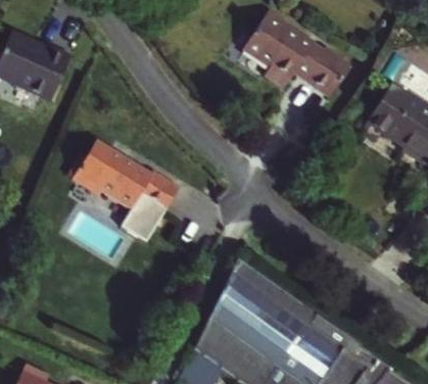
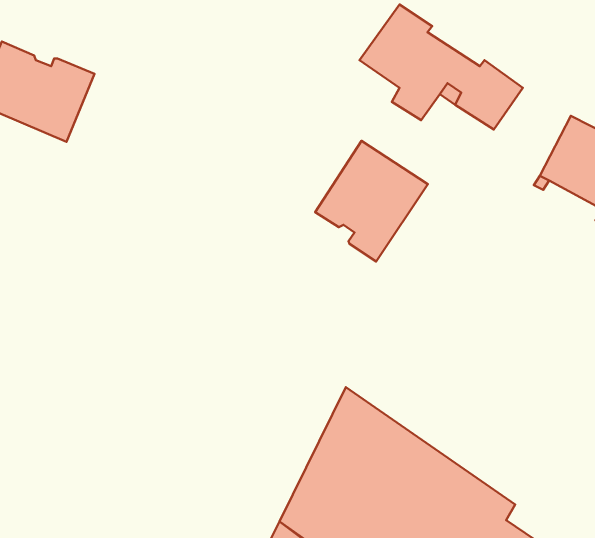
building: none -> [315,141,428,262]
building: [72,139,181,241] -> none

